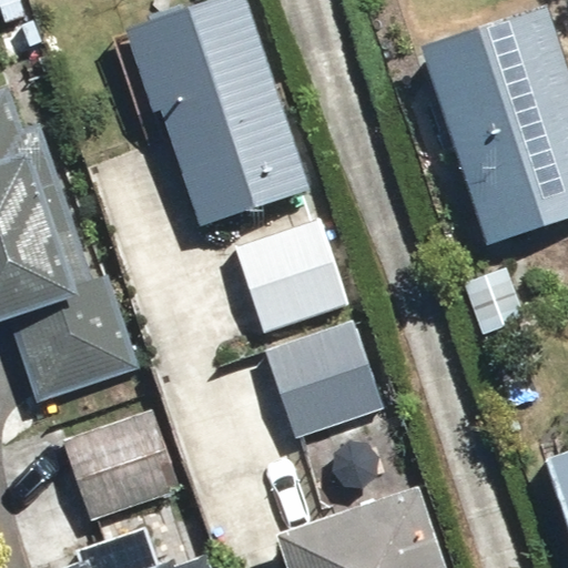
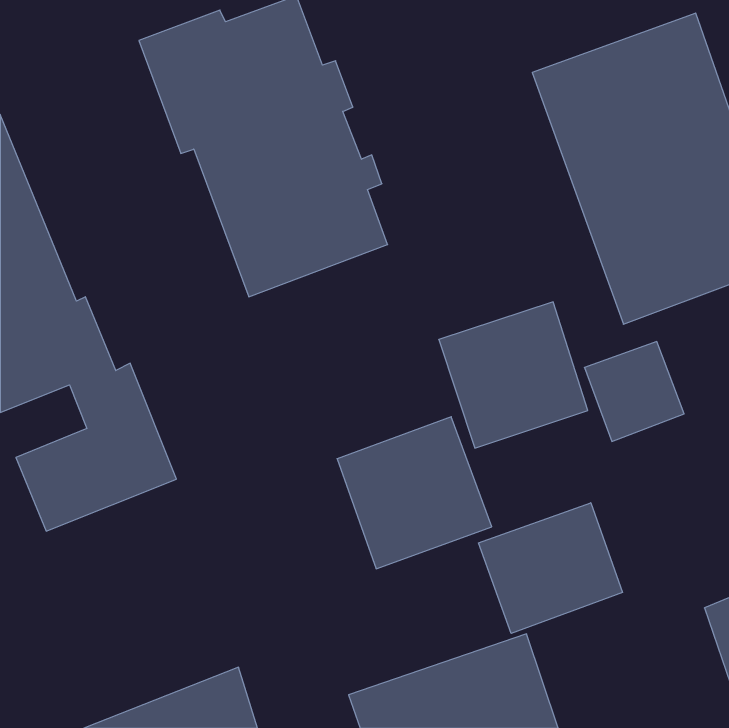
building: [234,221,348,333] -> [439,302,588,448]
building: none -> [478,503,623,633]
building: [65,408,184,517] -> none

